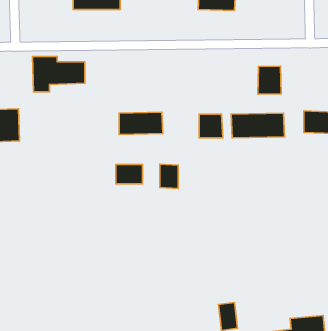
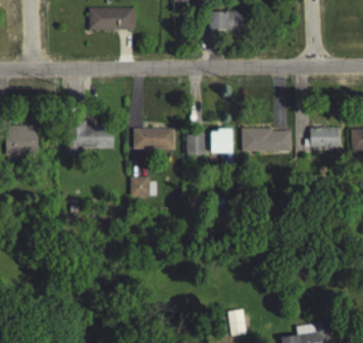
building: [32,57,85,92] -> [64,121,114,155]
building: [258,66,281,94] -> none
building: [160,164,178,189] -> [187,132,204,155]

